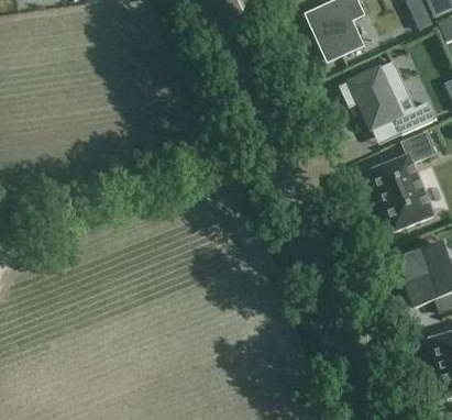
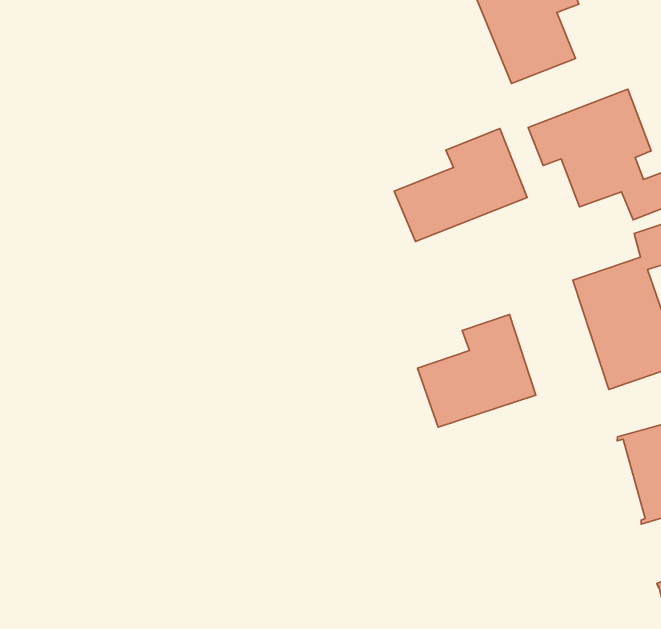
building: none -> [394,129,527,242]
building: none -> [417,314,536,427]

